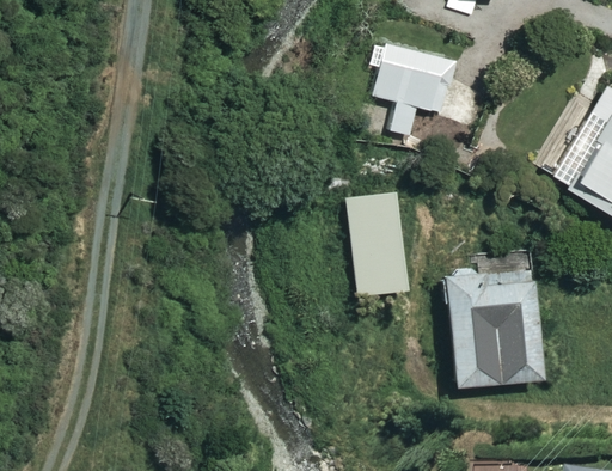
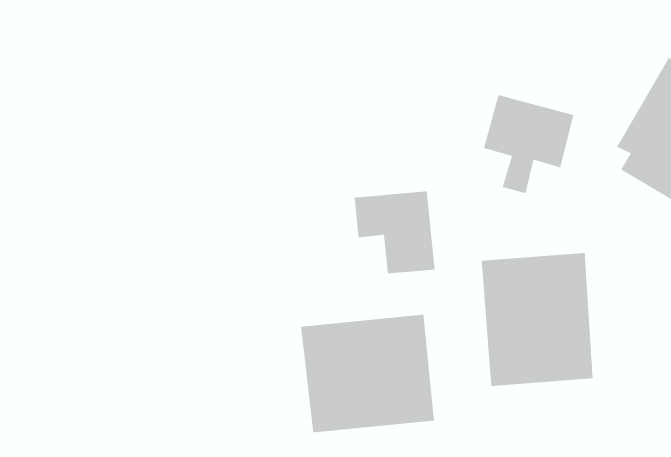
building: [373,44,454,133] -> [483,95,574,194]
building: none -> [300,314,435,433]

